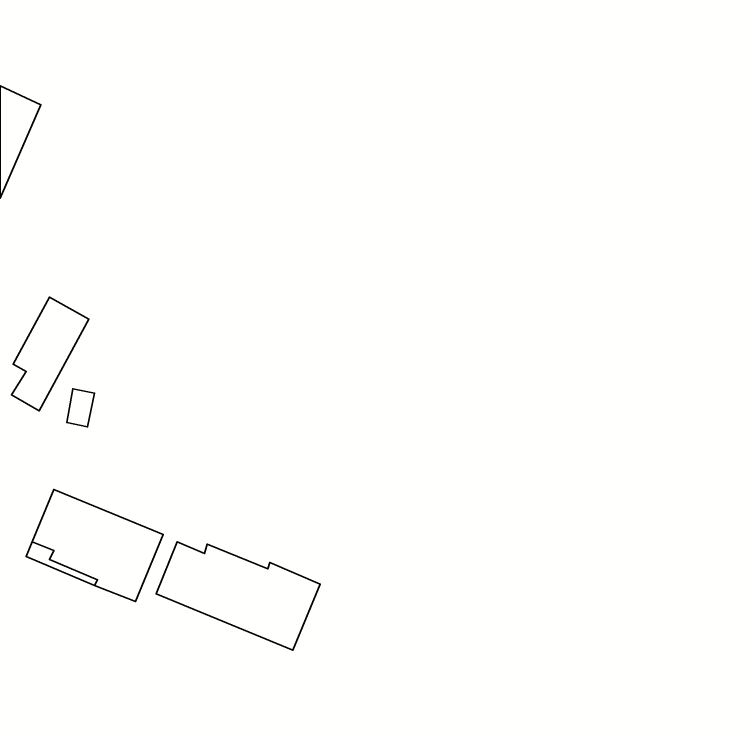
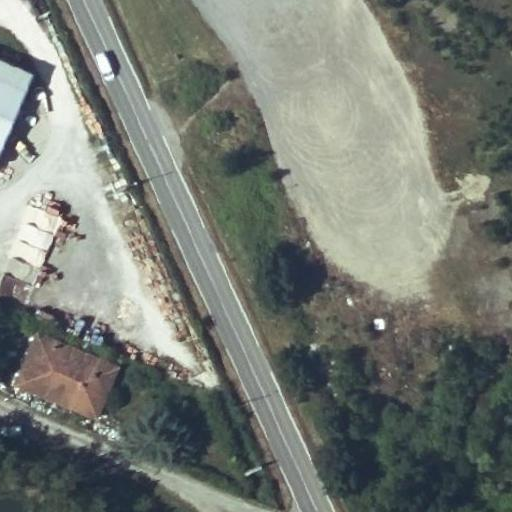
building: [156,542,320,650] -> none

